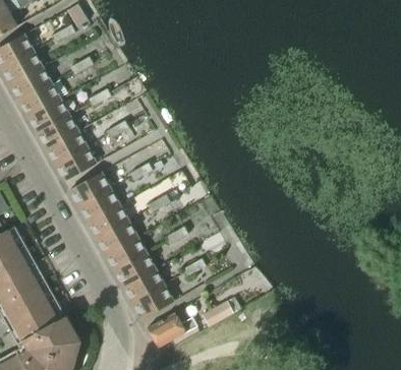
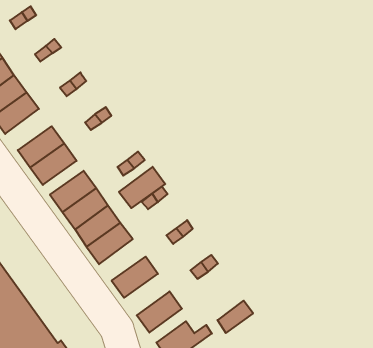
building: [38,114,78,147] -> none
building: [106,236,147,269] -> [119,167,165,208]
building: [124,268,164,302] -> none

